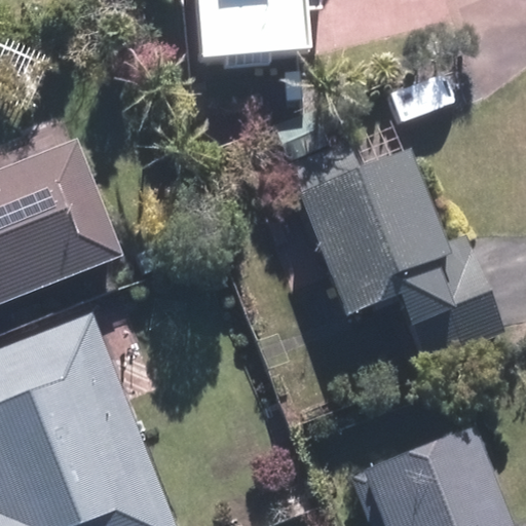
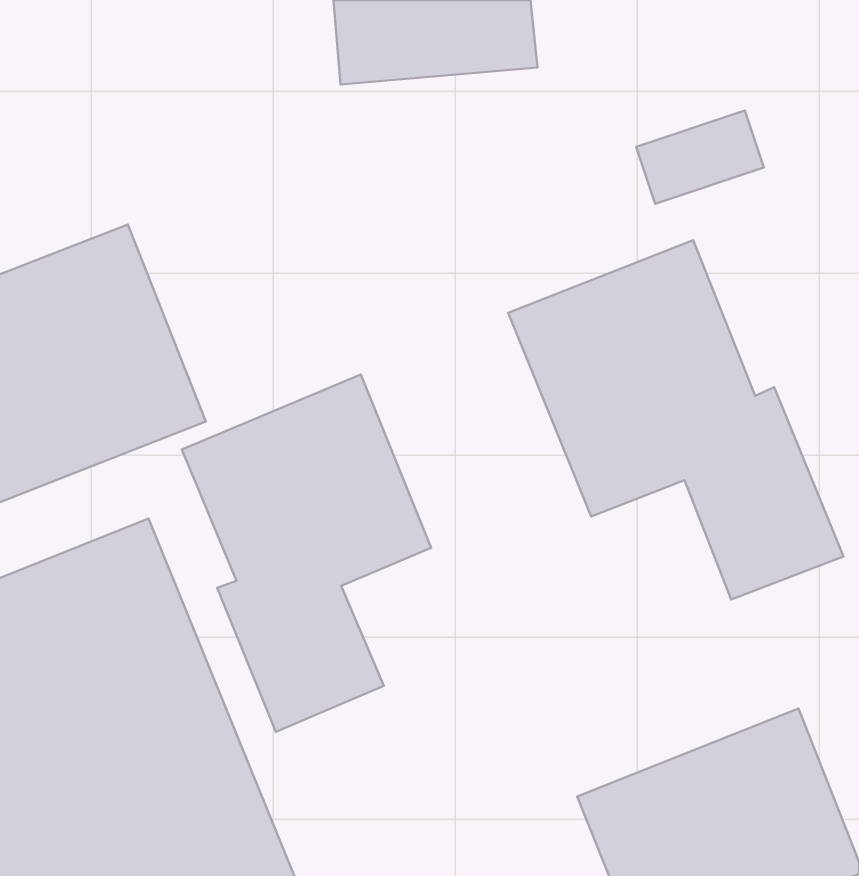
building: none -> [182,374,431,732]

